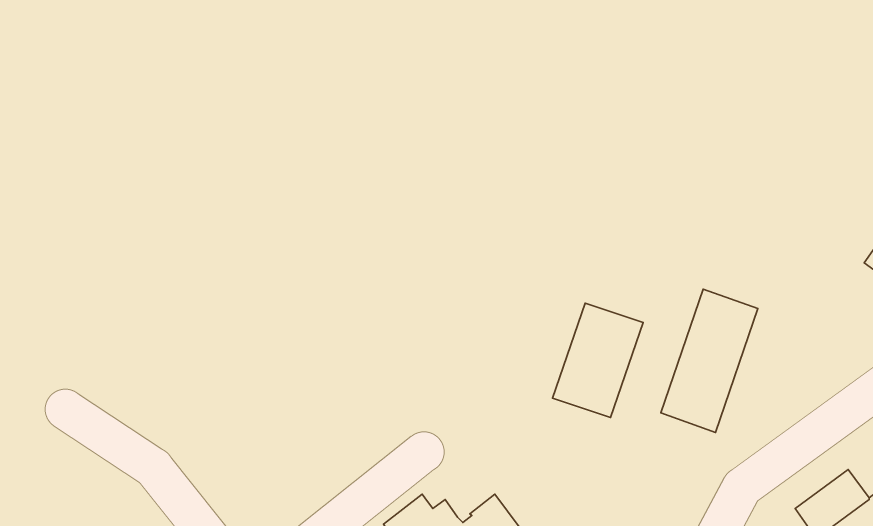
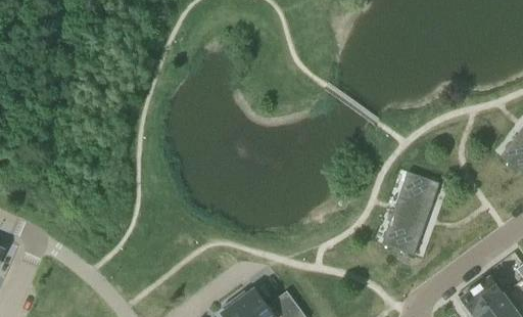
building: [553,303,643,418] -> none

